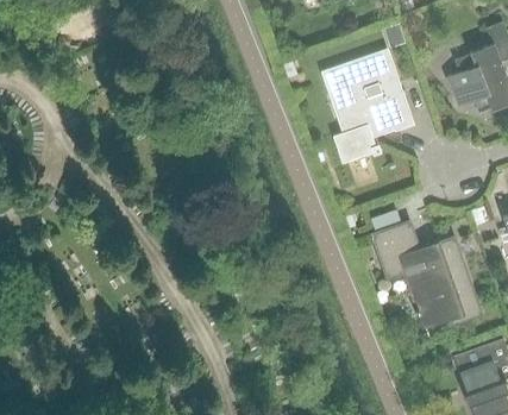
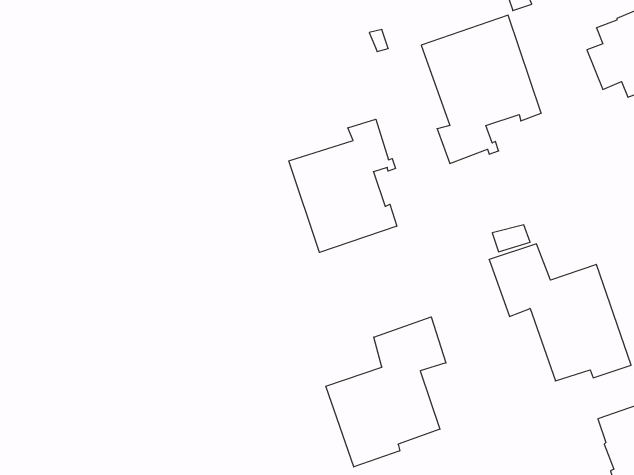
building: none -> [289,119,397,252]
building: none -> [326,317,446,467]

